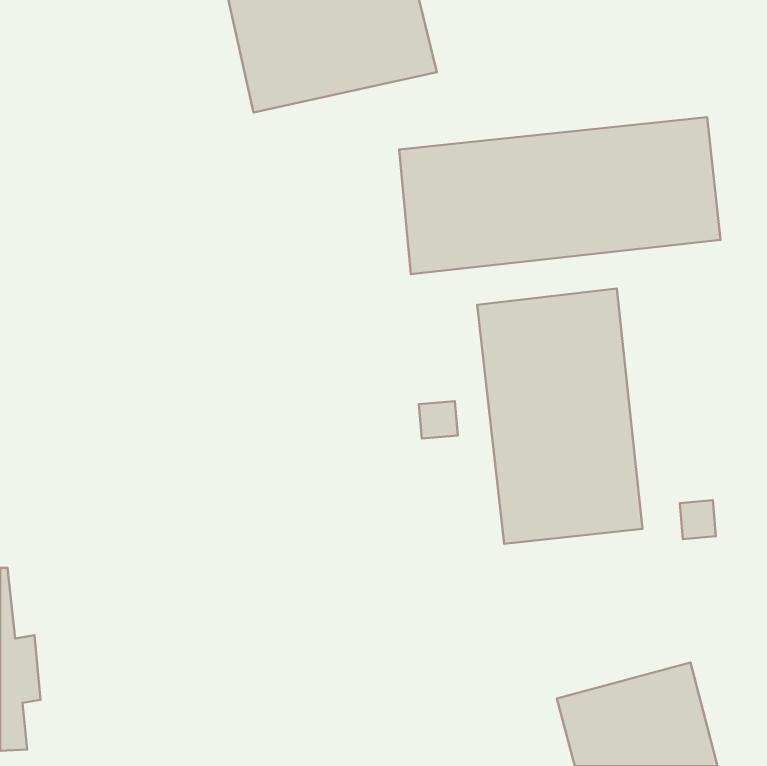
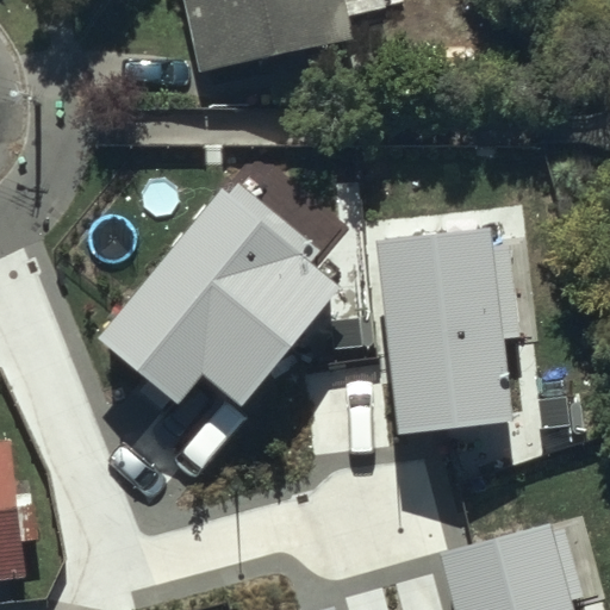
building: [399,117,720,274] -> none
building: none -> [104,191,338,400]

